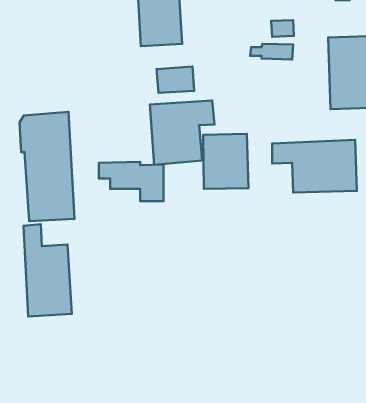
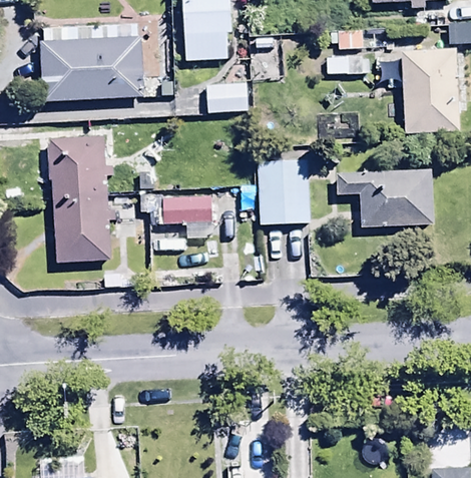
building: none -> [39,25,143,100]
building: [150,101,214,165] -> none
building: [24,224,72,316] -> none

